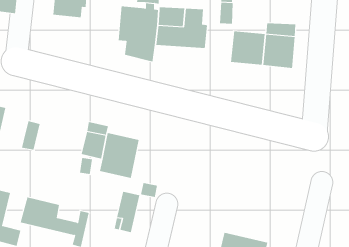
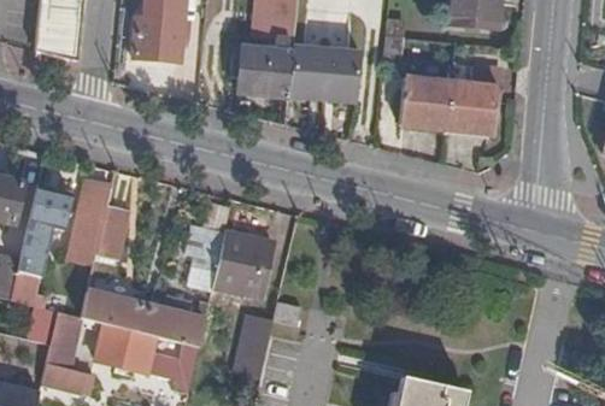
building: none -> [69,180,108,241]
building: none -> [77,290,201,349]

